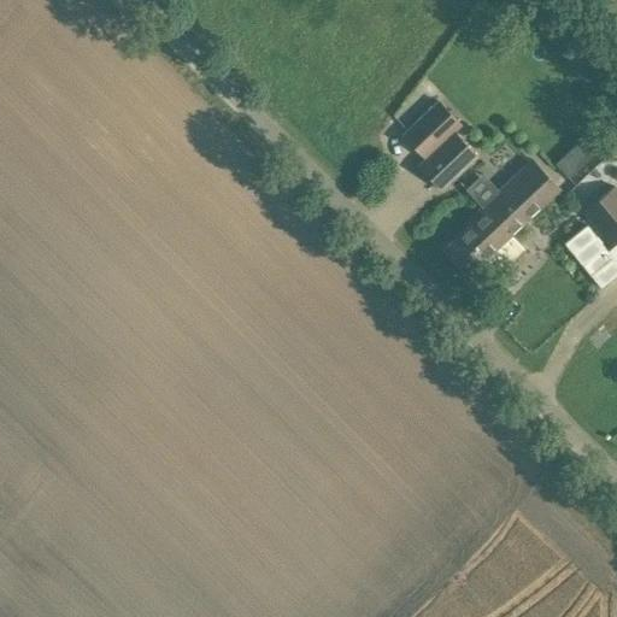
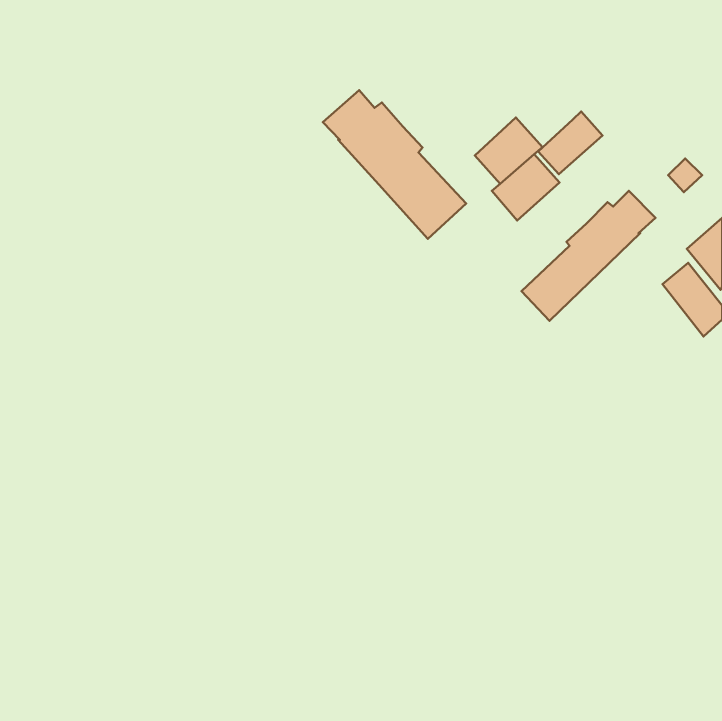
building: none -> [323,90,466,239]
building: none -> [538,112,603,174]

